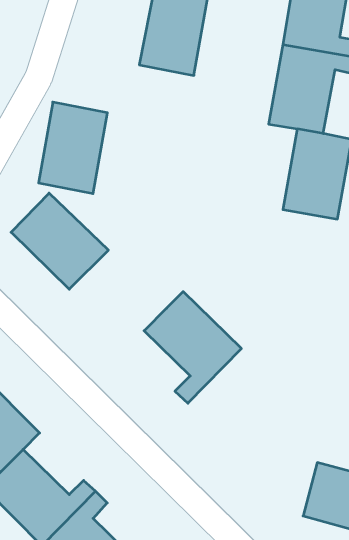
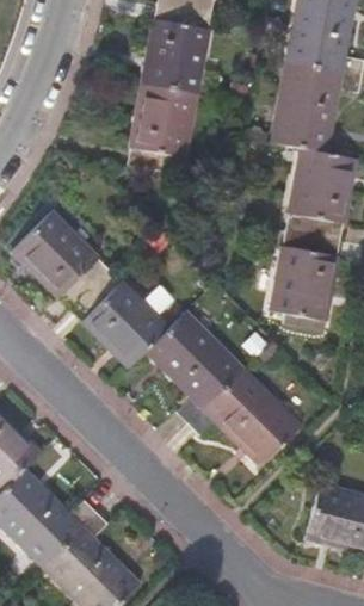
building: [39,102,107,194] -> [127,82,196,174]
building: none -> [271,228,340,320]
building: none -> [70,268,168,366]
building: none -> [190,367,301,464]

